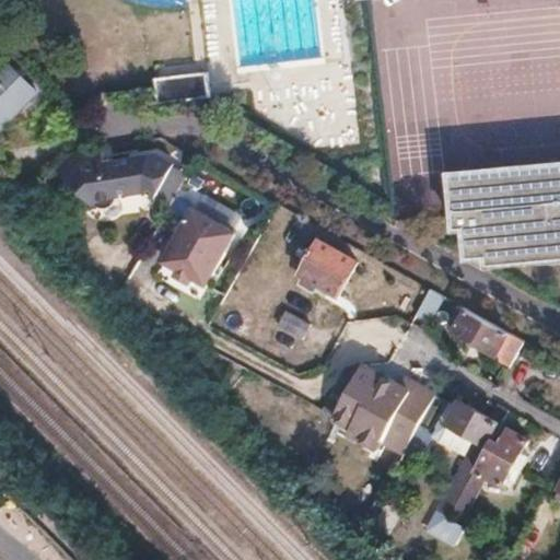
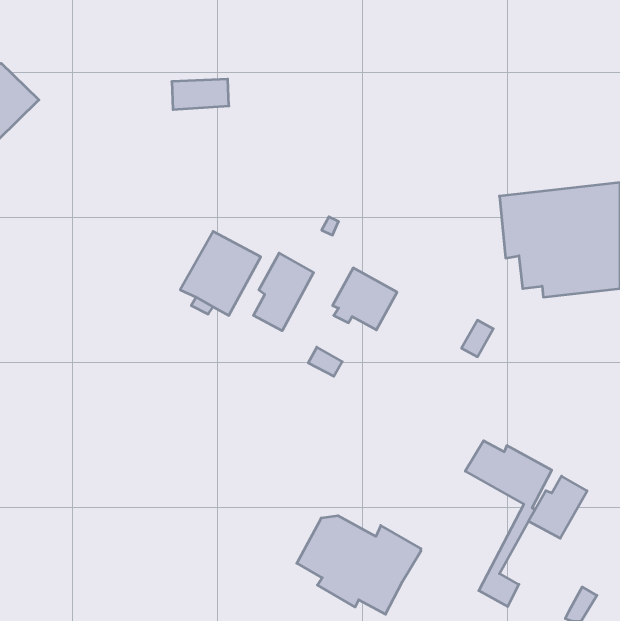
building: [54,148,172,209] -> none
building: none -> [253,253,314,331]
building: [450,306,523,353] -> none
building: [323,364,434,453] -> [297,516,421,614]

